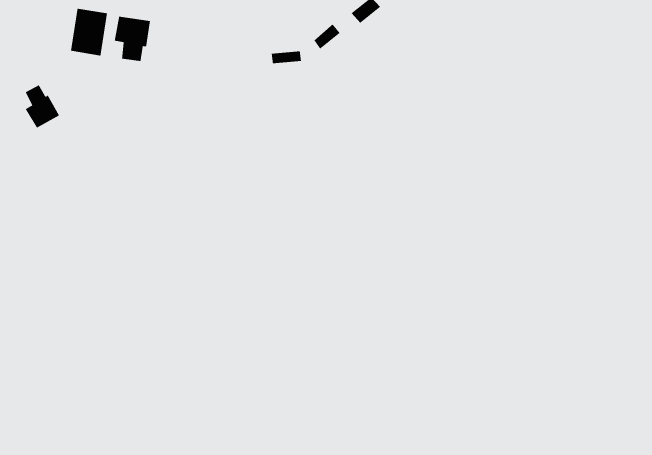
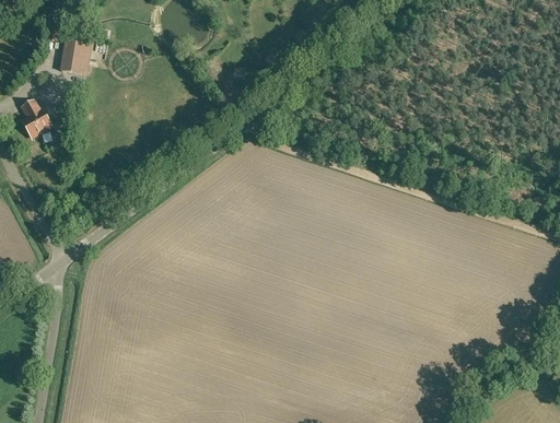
building: [114,16,151,62] -> none

